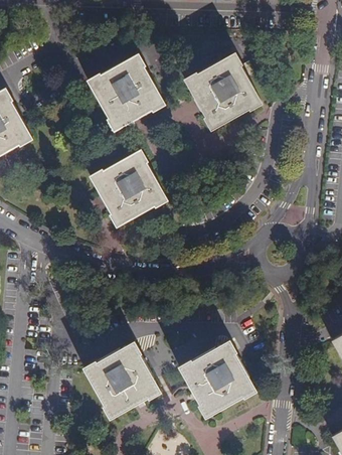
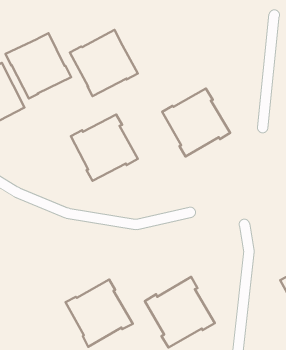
building: [186,47,265,126] -> [162,88,230,156]
building: none -> [5,33,71,98]

